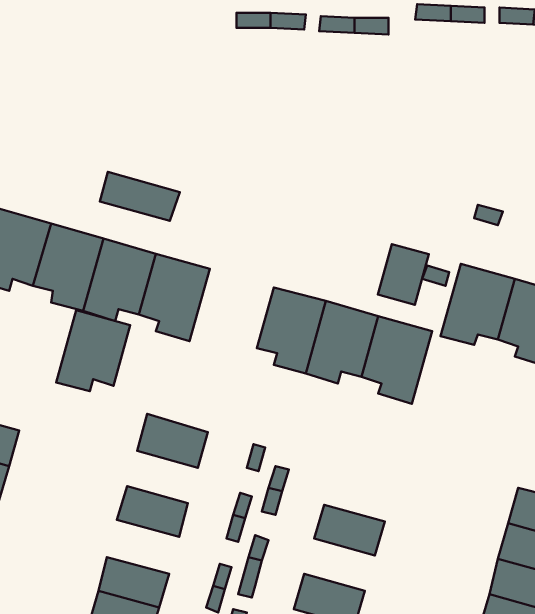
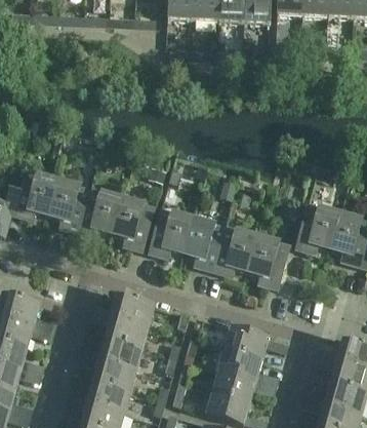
building: [100,172,180,221] -> none
building: [378,244,429,305] -> none
building: [56,310,130,391] -> [149,206,194,256]
building: none -> [105,315,148,347]
building: none -> [225,325,268,358]
building: none -> [92,357,136,390]
building: none -> [212,368,255,400]

